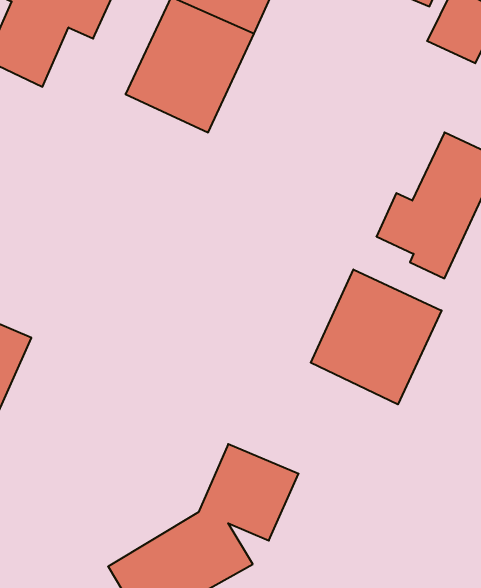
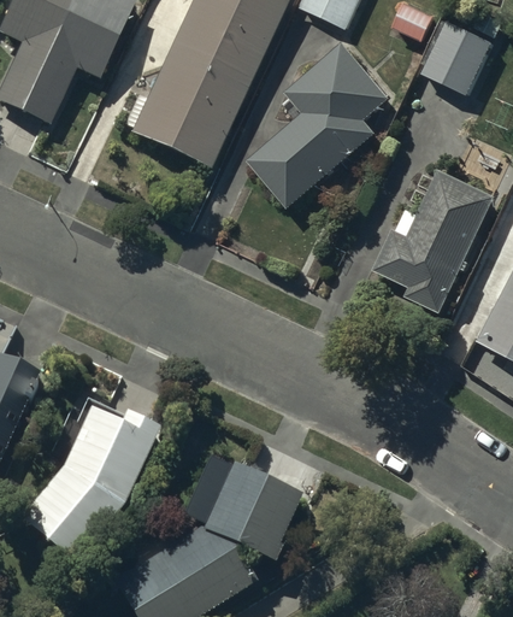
building: none -> [249,47,394,213]
building: [311,269,442,404] -> none
building: none -> [19,402,159,559]

